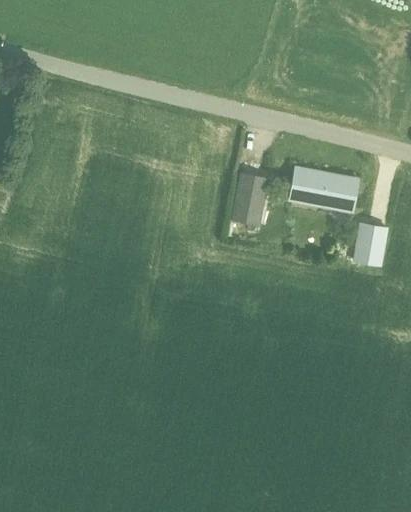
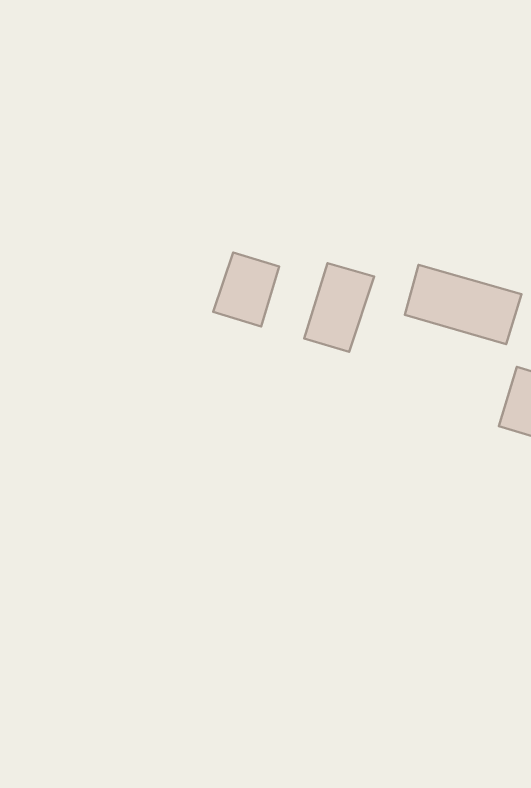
building: none -> [213,253,279,327]

